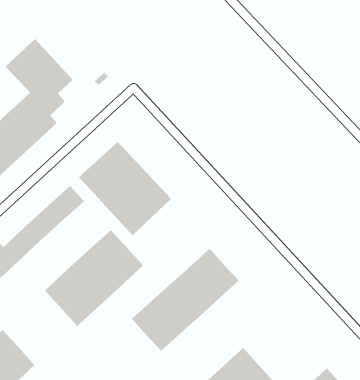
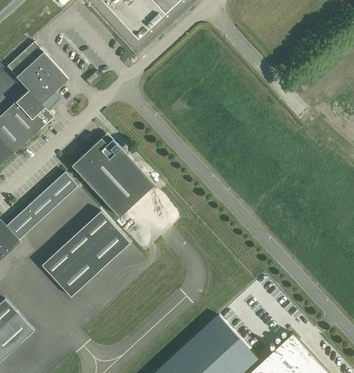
building: [131,248,240,352] -> none

